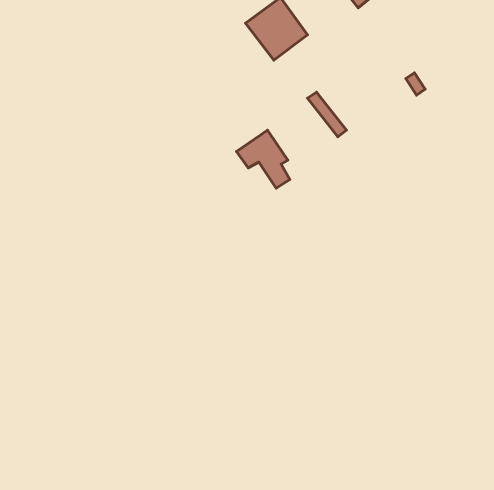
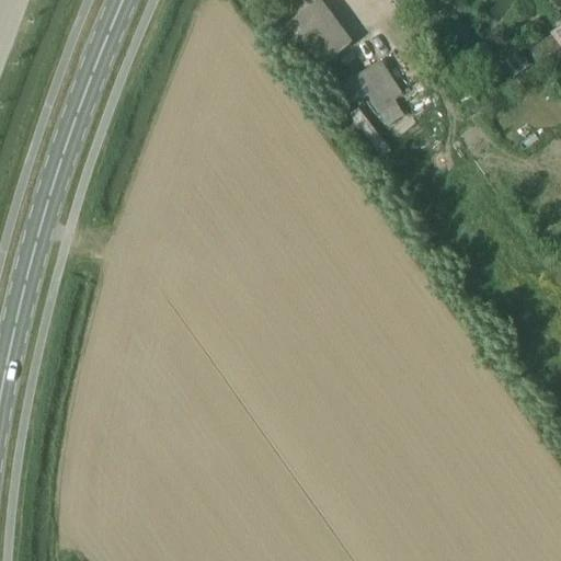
building: [237,130,290,188] -> [345,56,405,122]

